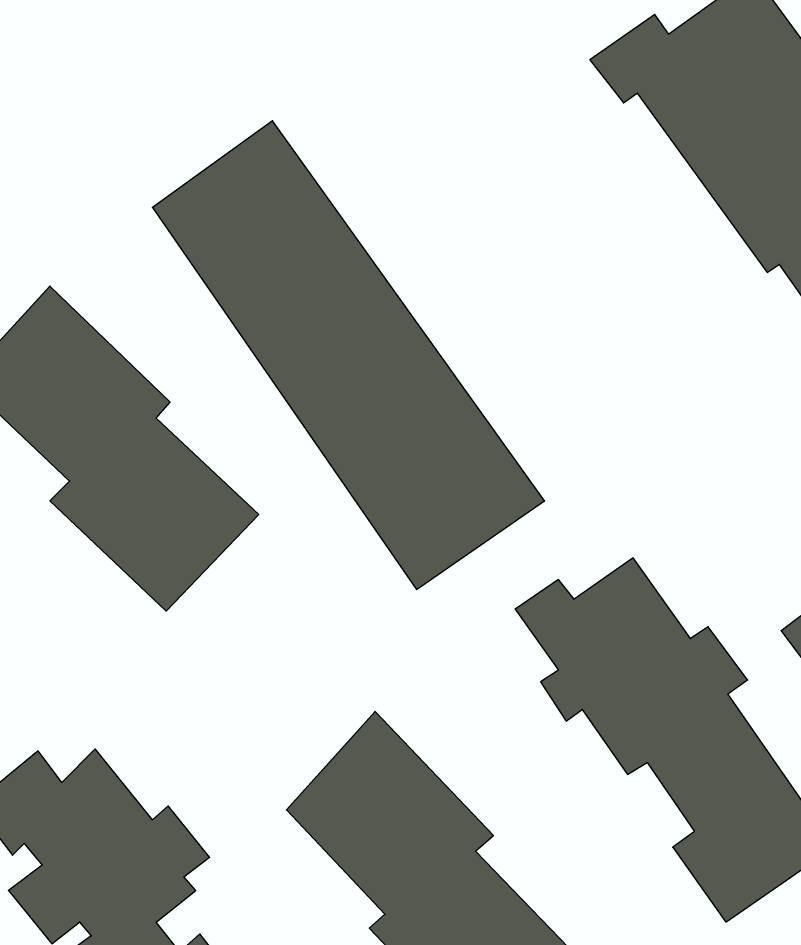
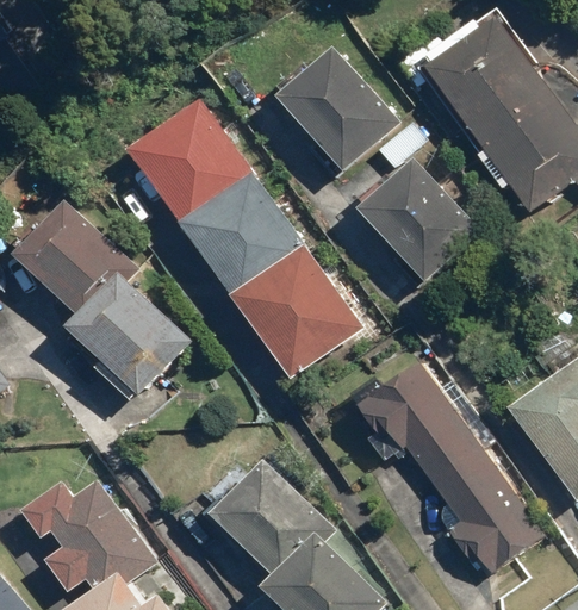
building: none -> [282,55,421,173]
building: none -> [353,156,484,282]

